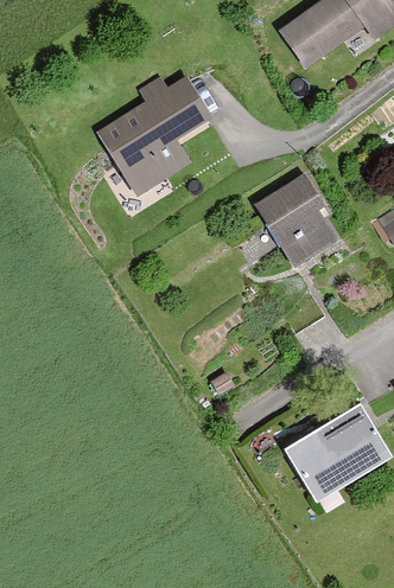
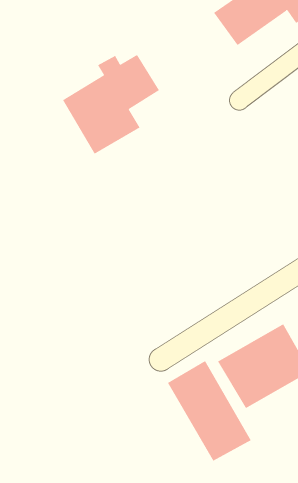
building: [254,177,343,273] -> none
building: none -> [167,360,252,462]

